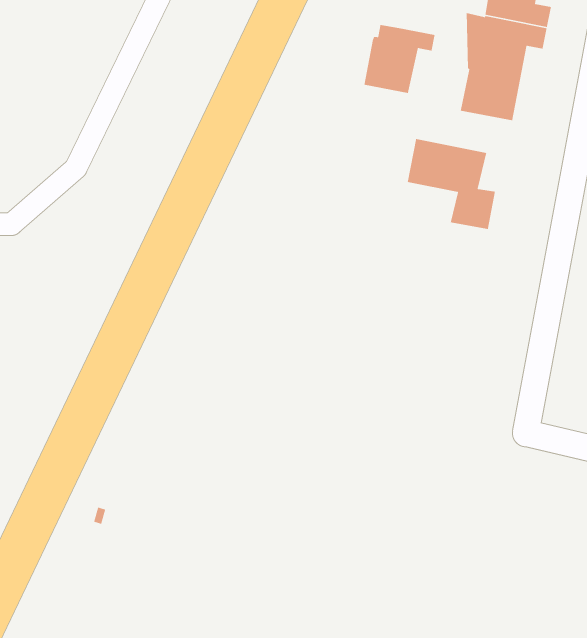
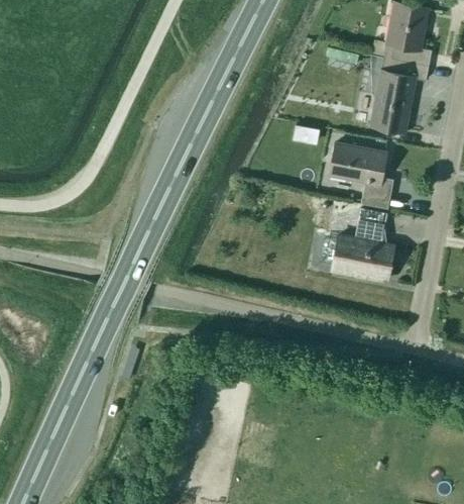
building: [363,24,435,94] -> none
building: none -> [321,208,395,279]

